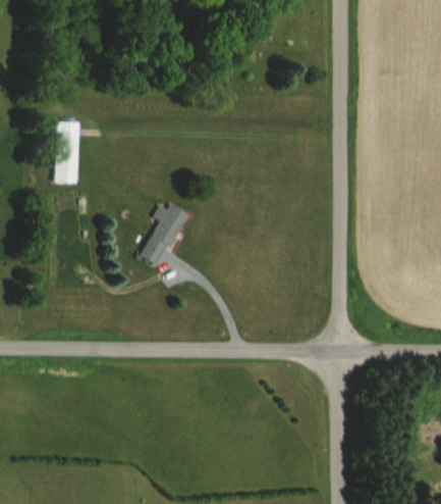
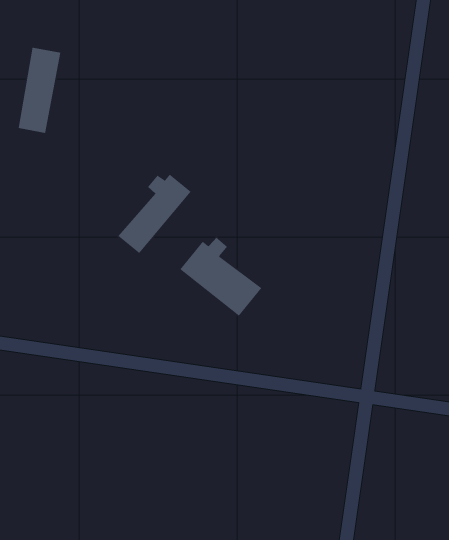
building: none -> [179,237,262,317]

